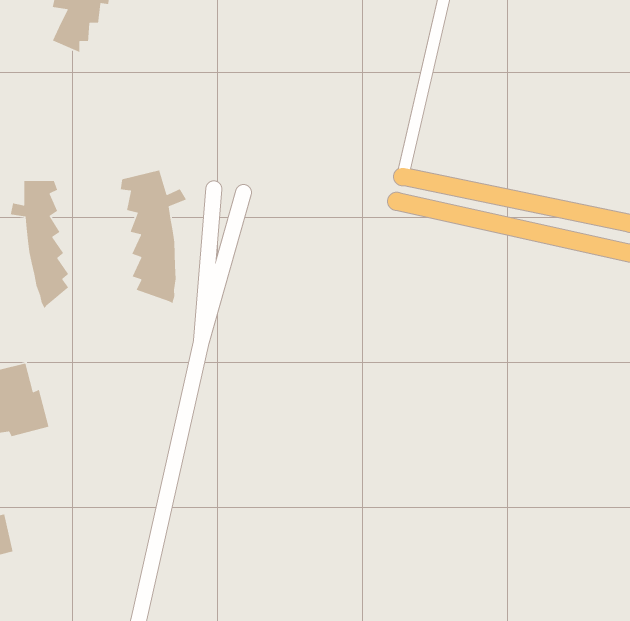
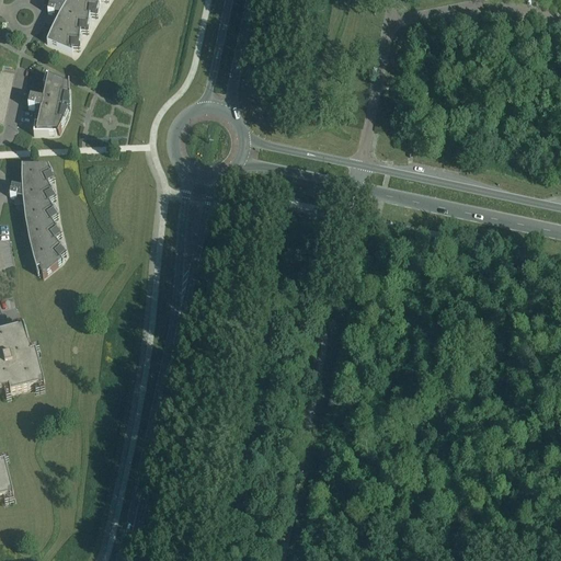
building: none -> [27,69,68,129]
building: [120,169,187,304] -> none

